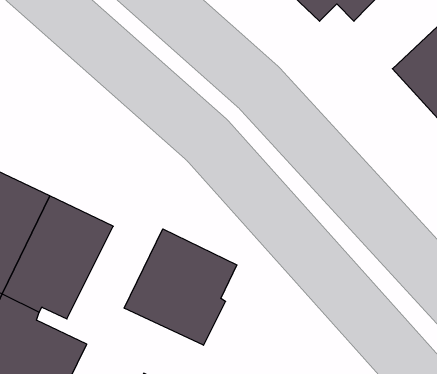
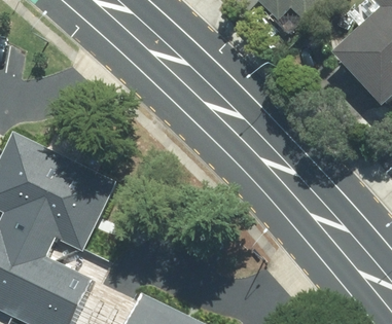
building: [124,229,237,345] -> none

